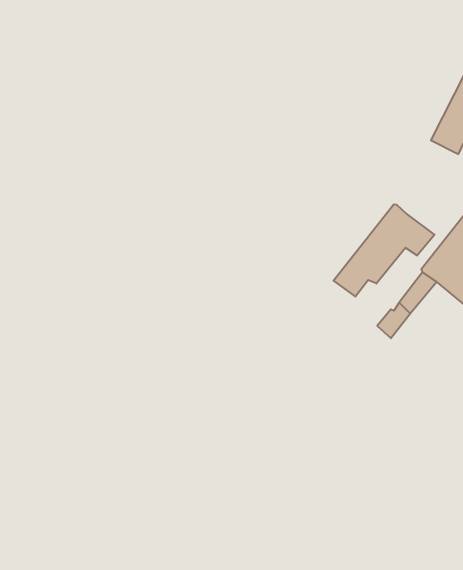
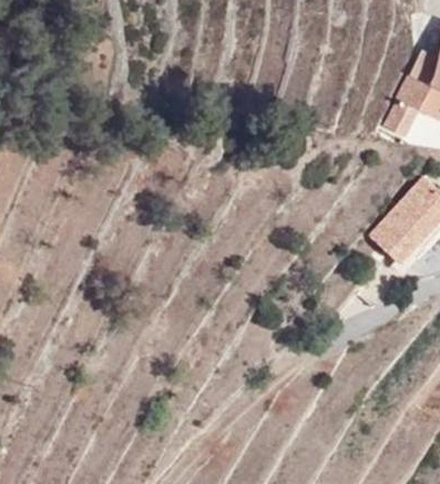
building: [334,204,435,297] -> none

